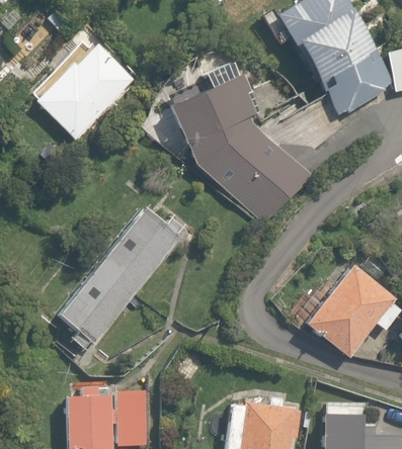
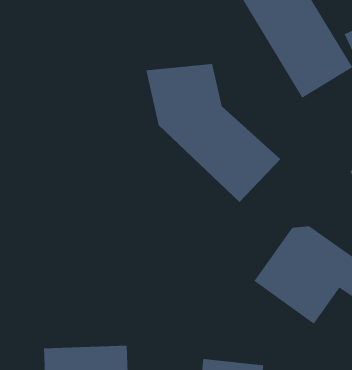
building: [37,41,135,140] -> none
building: [61,196,184,353] -> none

